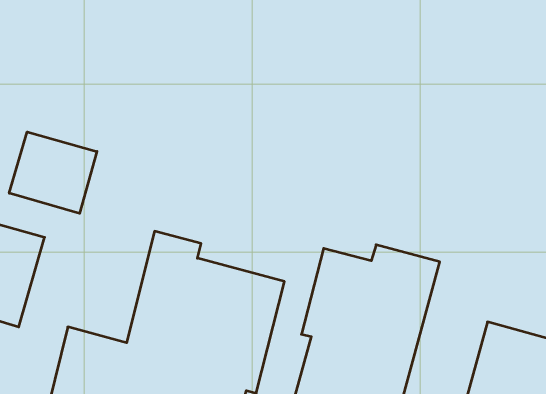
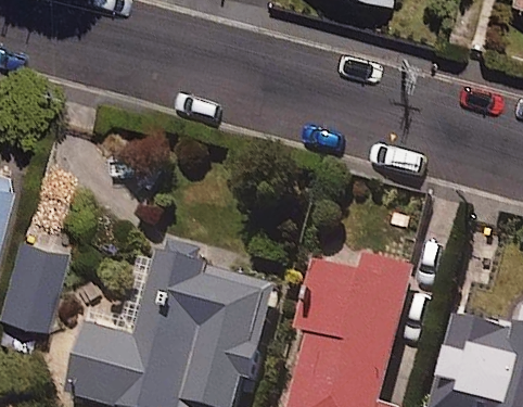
building: [9,132,97,213] -> none

